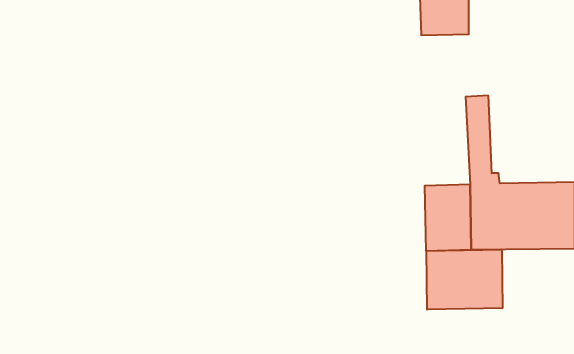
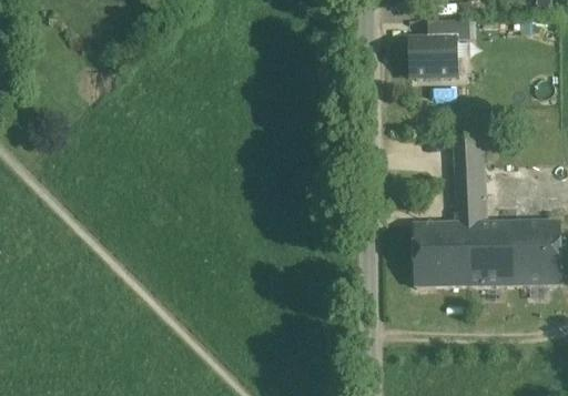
building: [427,249,502,310] -> none

